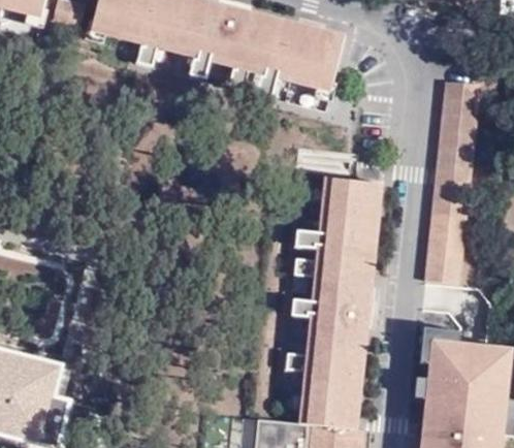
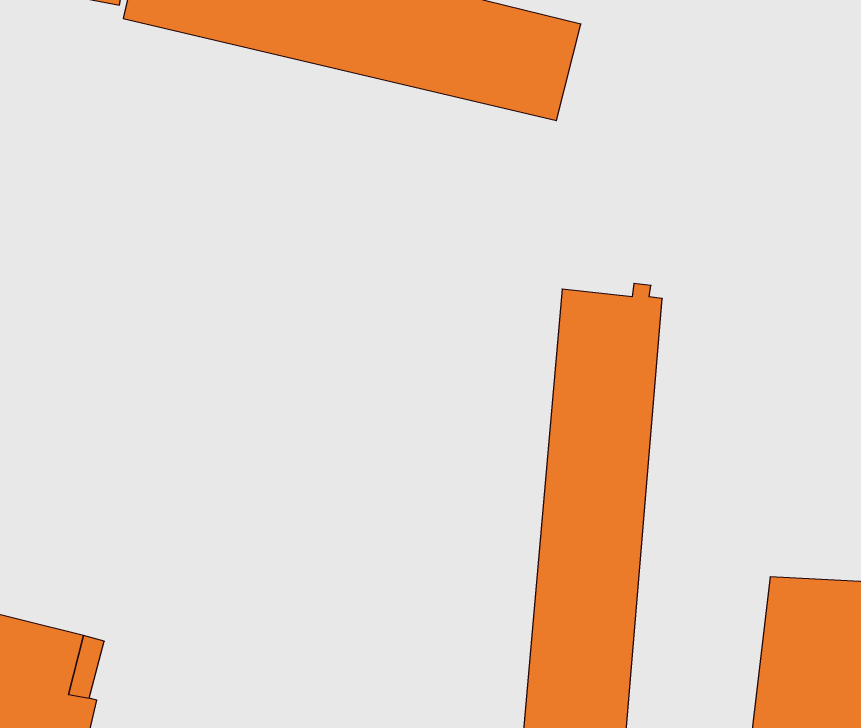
building: [420,78,479,280] -> none

